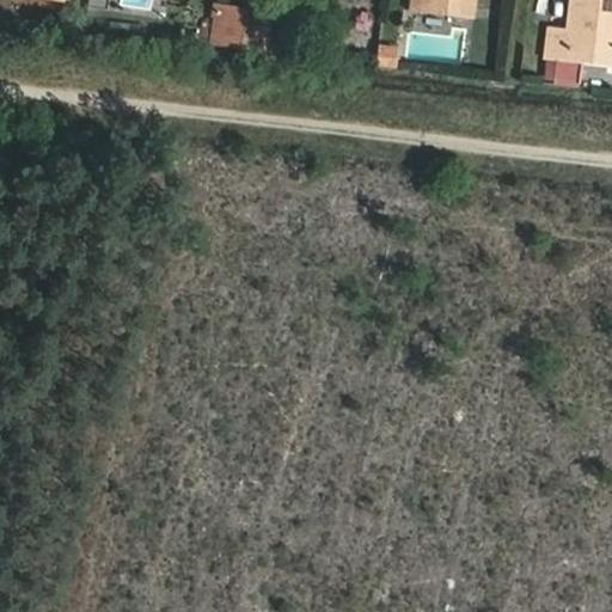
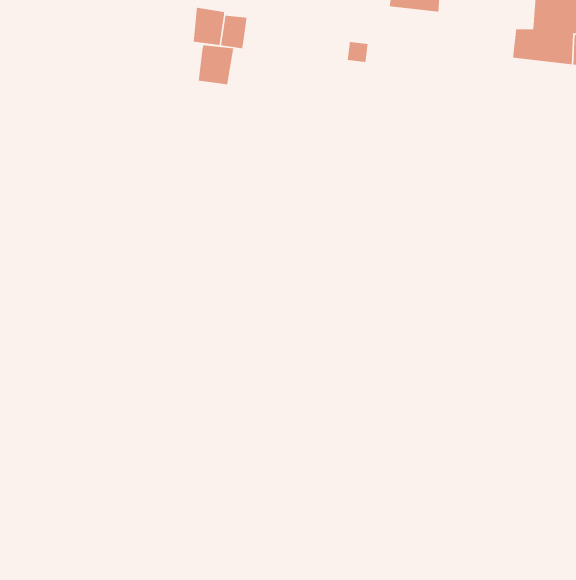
building: none -> [198,44,234,85]

